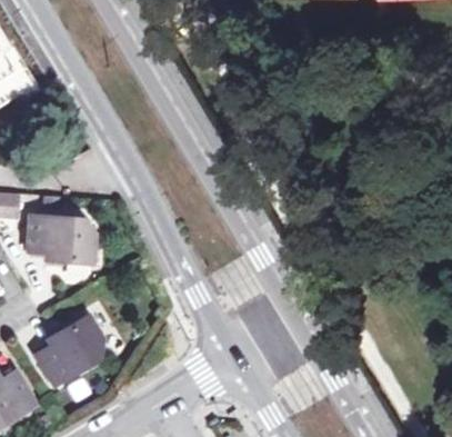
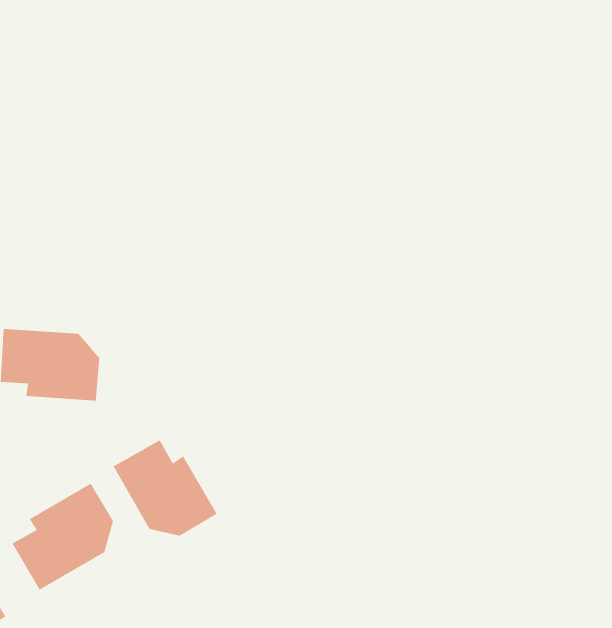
building: none -> [113,439,217,537]

